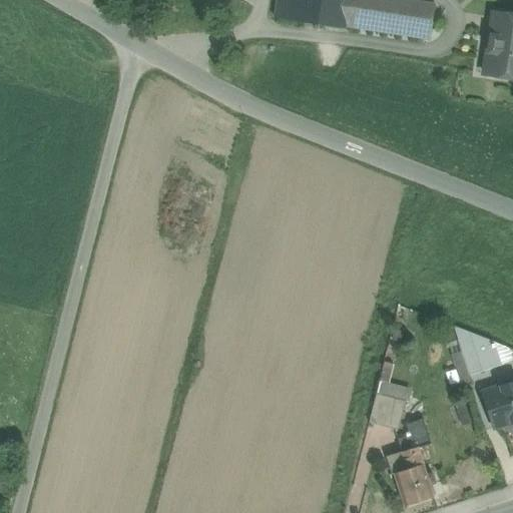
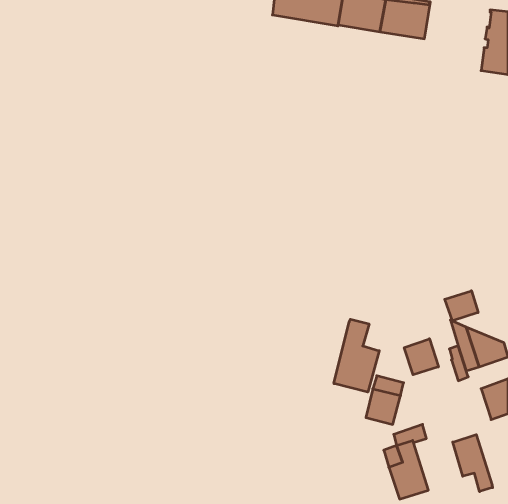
building: none -> [445,291,478,321]
building: none -> [334,319,379,392]
building: none -> [404,339,438,375]
building: none -> [453,435,493,492]

